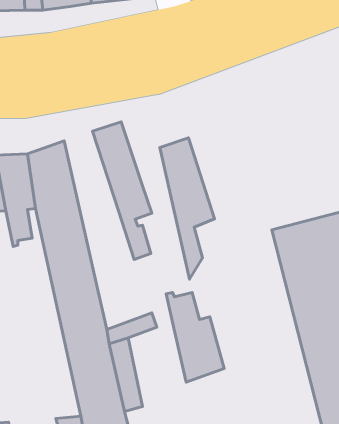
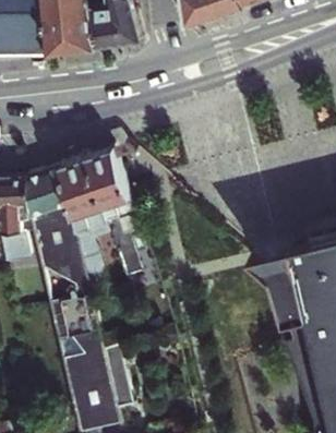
building: [160,138,214,279] -> [65,163,116,292]
building: [166,292,224,382] -> none

